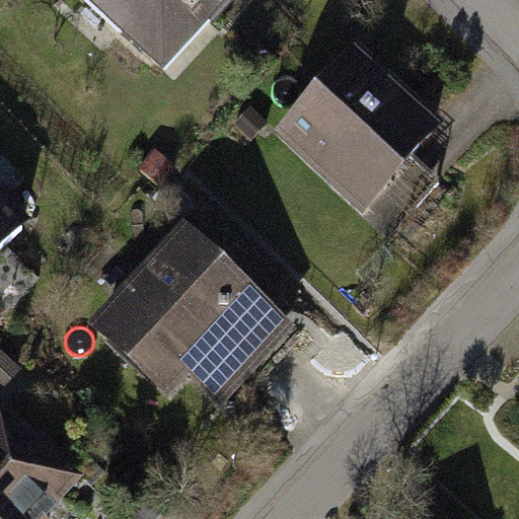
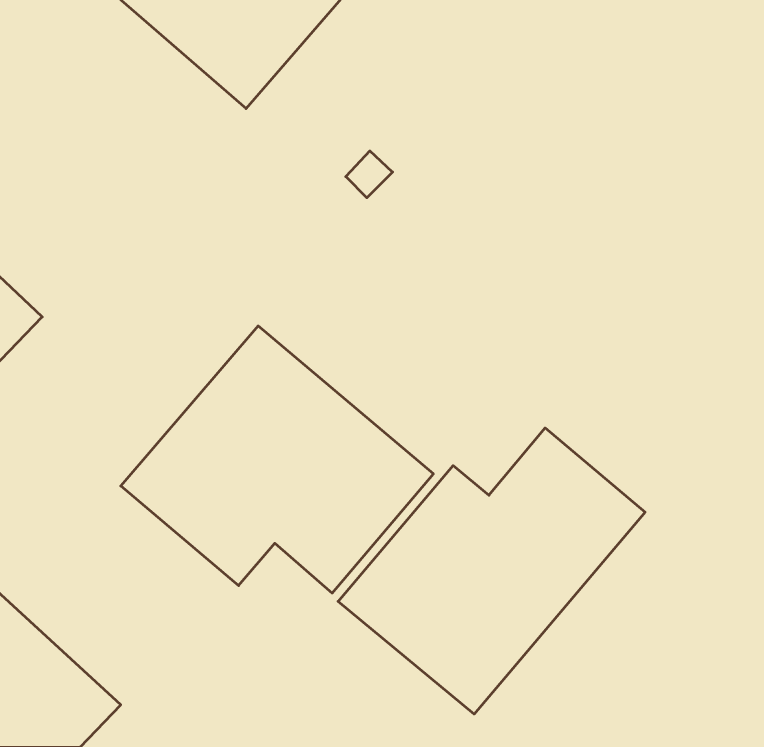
building: [274,40,440,230] -> none
building: none -> [338,428,645,714]

